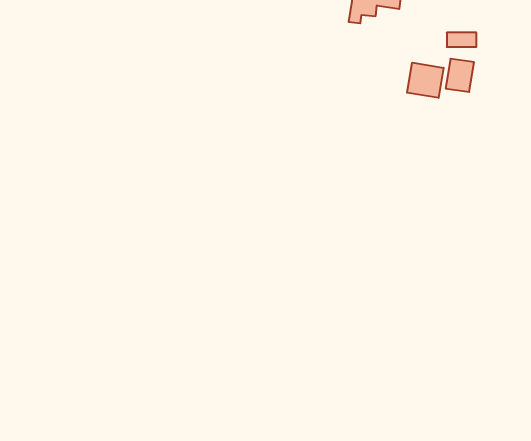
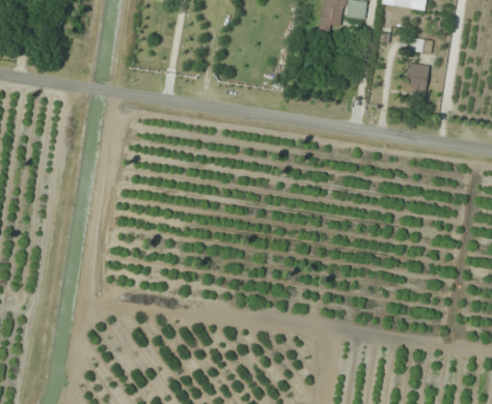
building: [407,63,444,98] -> none

